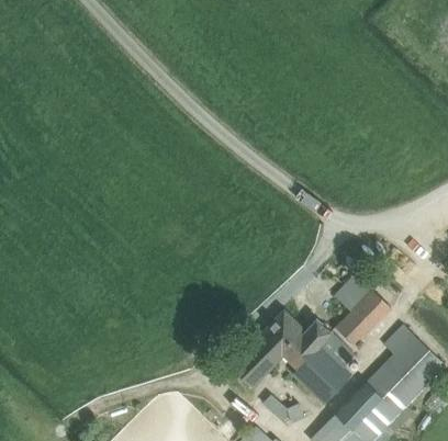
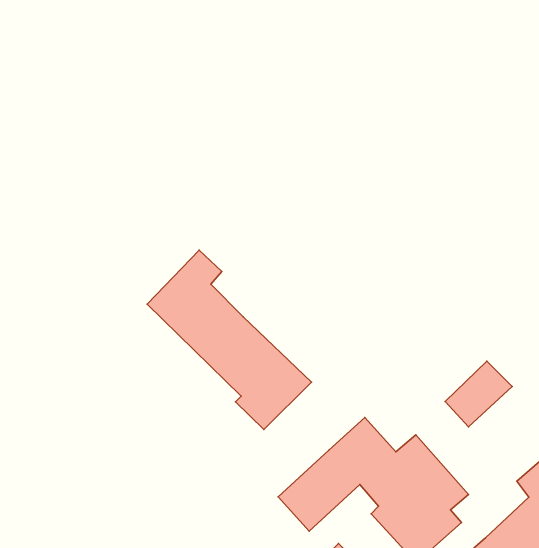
building: none -> [147,250,311,429]
building: [335,290,391,346] -> none

